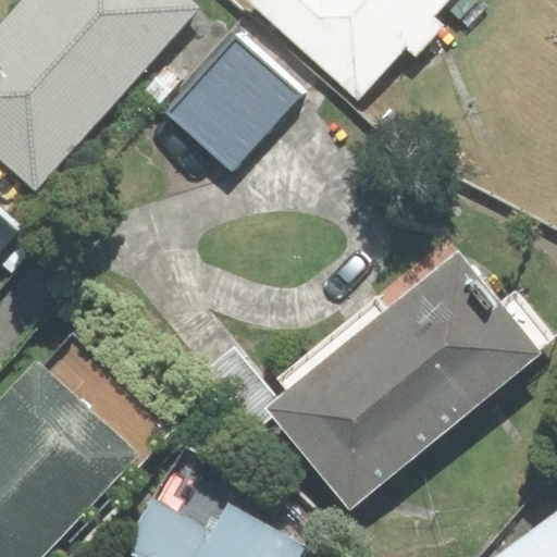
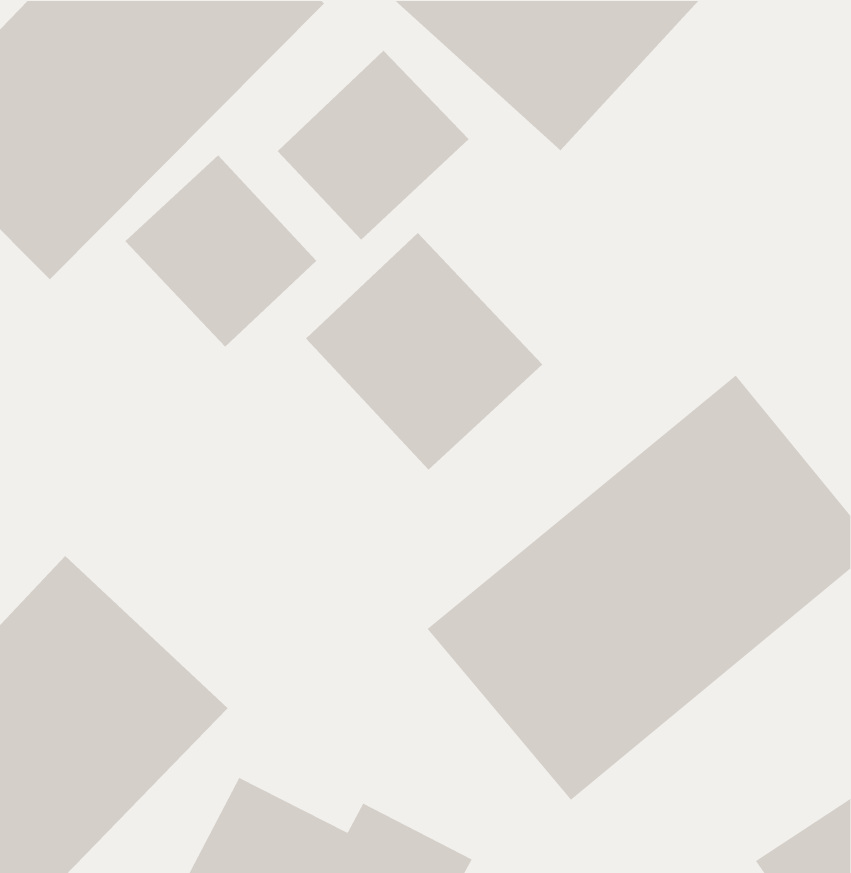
building: none -> [124,155,317,347]
building: none -> [305,232,543,471]

